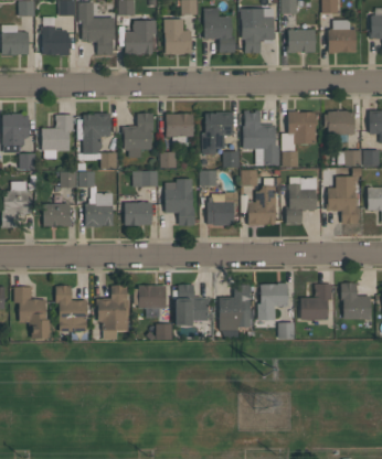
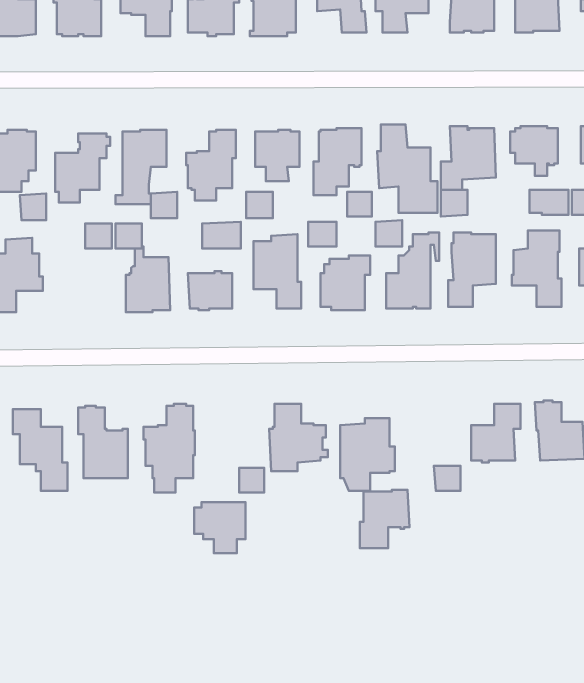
building: [44,203,73,226] -> none
building: [258,282,289,319] -> [360,490,409,548]
building: [135,285,167,317] -> [194,502,246,553]

